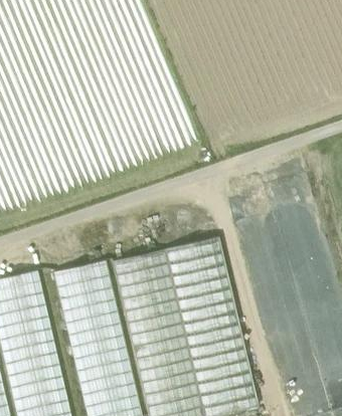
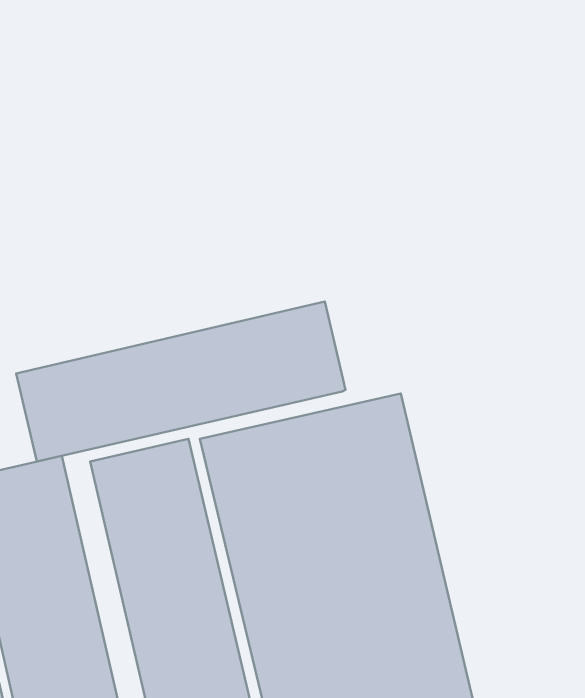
building: none -> [16,302,346,462]

